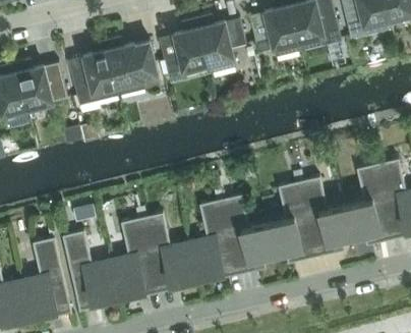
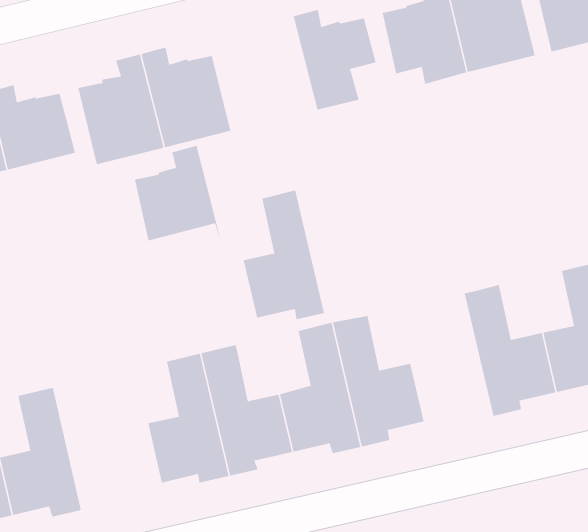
building: [159,16,211,73] -> [134,145,221,241]
building: [267,181,315,259] -> [243,190,325,320]
building: [62,230,118,311] -> none

